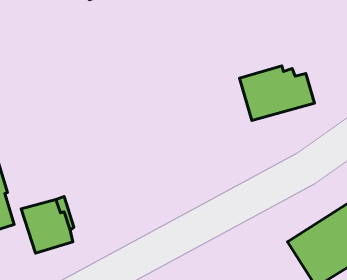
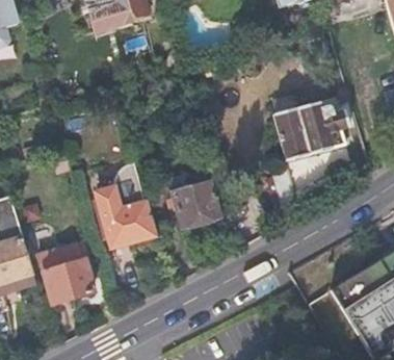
building: none -> [97,163,154,247]
building: none -> [173,183,220,228]

